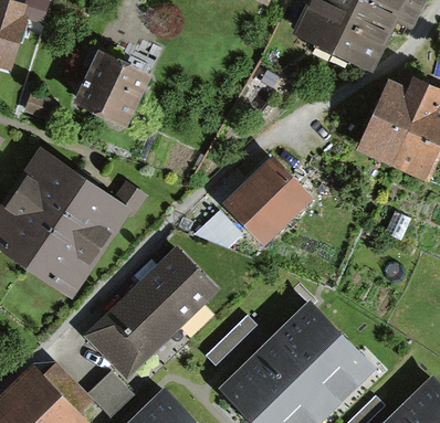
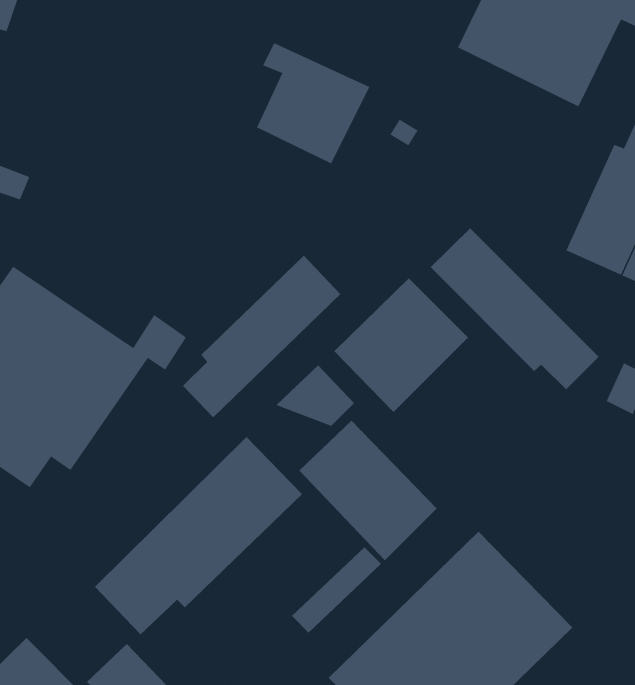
building: [78,52,144,121] -> [256,42,370,164]
building: none -> [430,227,599,390]
building: none -> [182,255,341,418]
building: none -> [298,420,438,561]

